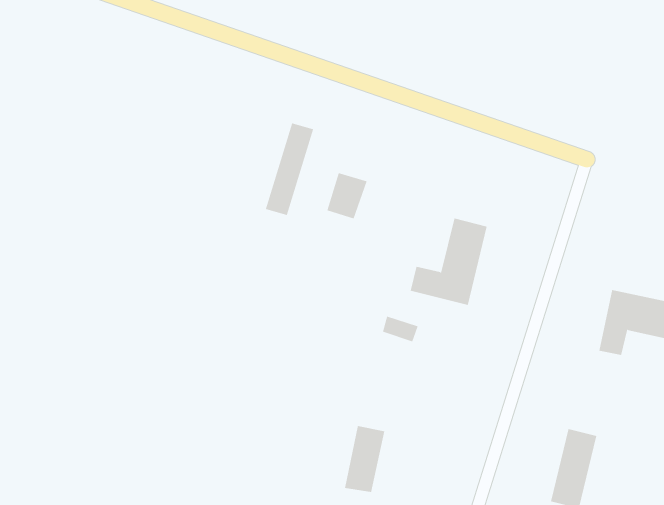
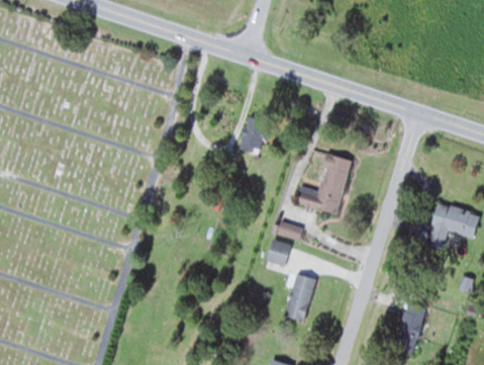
building: [265,122,314,216] -> none
building: none -> [266,239,291,266]
building: [344,425,385,493] -> [286,274,314,321]

